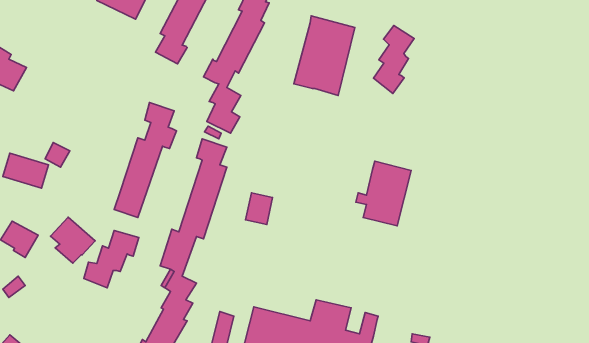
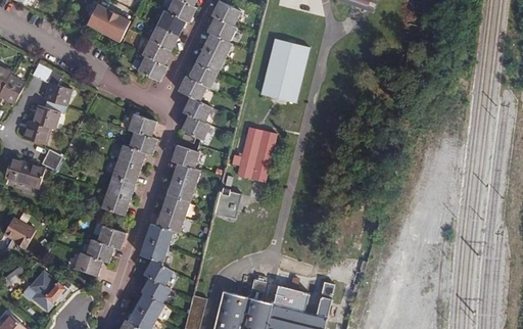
building: [373,26,414,93] -> none
building: none -> [22,62,70,144]
building: [356,161,411,226] -> [230,127,278,183]
building: [51,217,95,263] -> [27,270,65,310]

